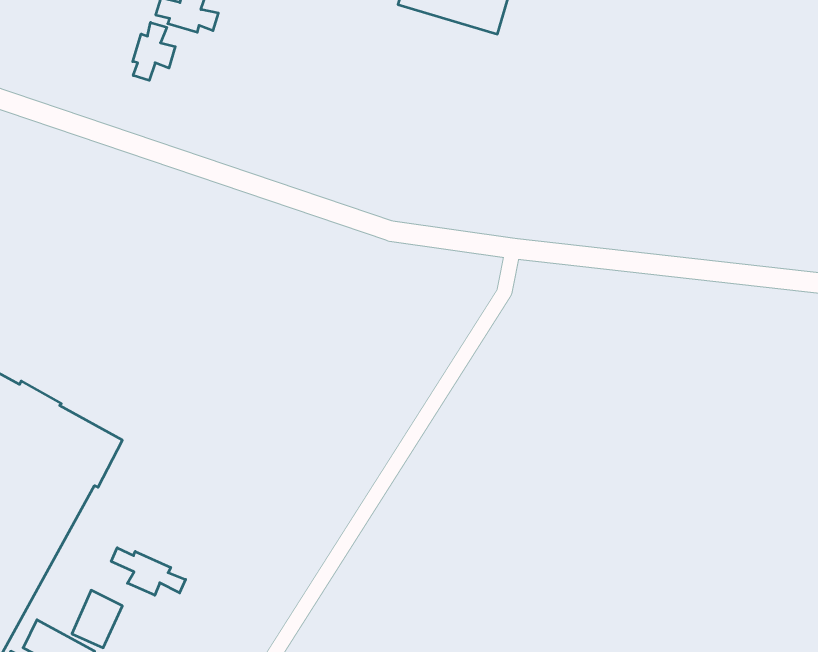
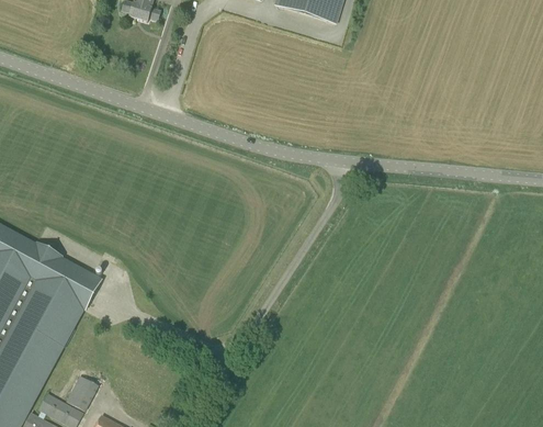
building: [133,22,175,80] -> none
building: [111,548,186,595] -> none

